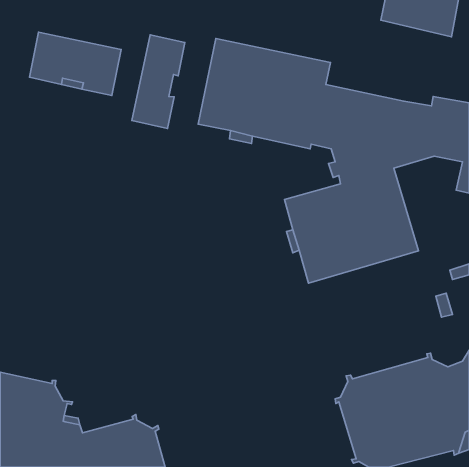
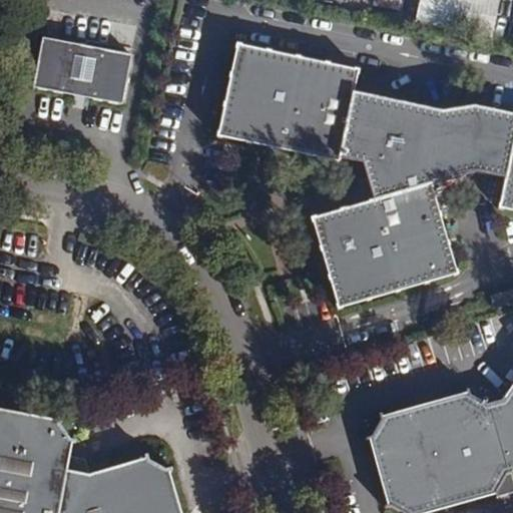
building: [132,35,185,128] -> none

